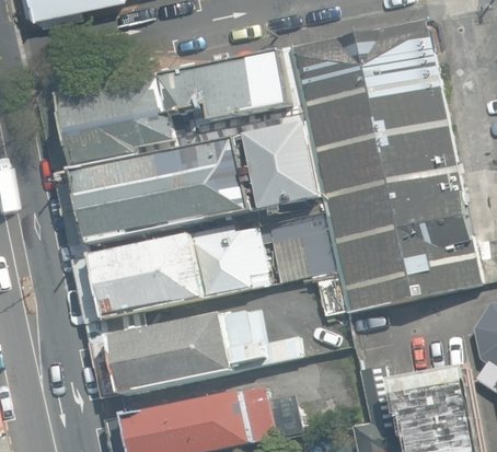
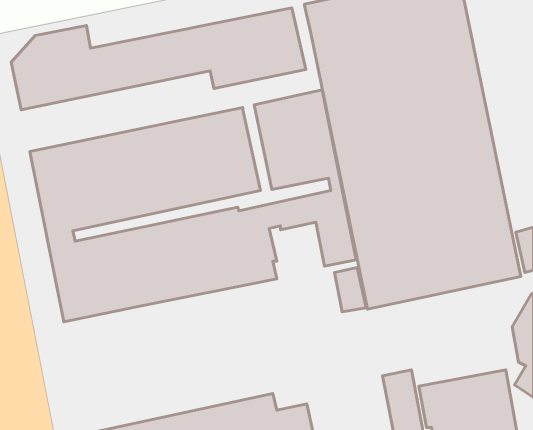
building: [50,47,312,174] -> none
building: [88,304,305,399] -> none

